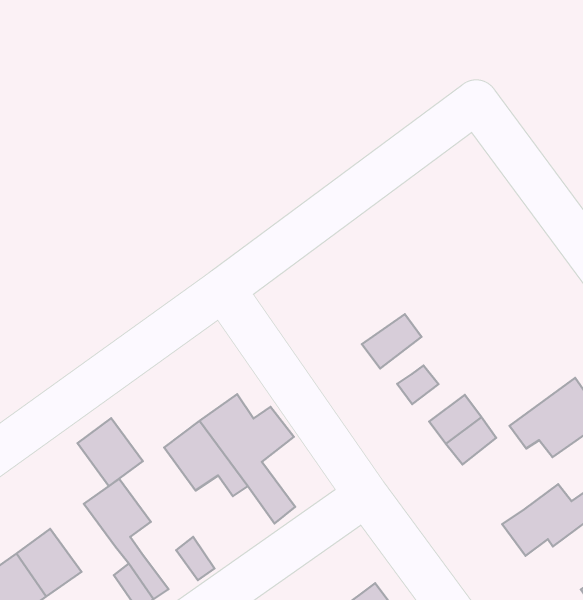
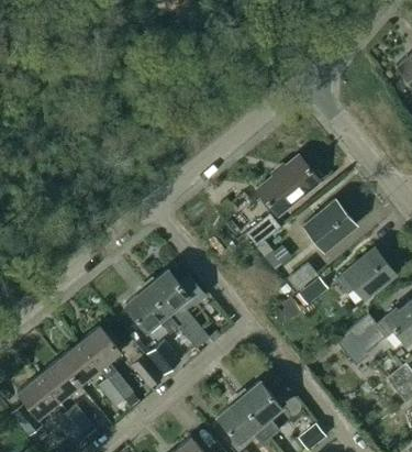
building: none -> [256,156,320,216]
building: none -> [303,200,356,252]
building: [77,418,143,486] -> [58,343,99,385]
building: none -> [147,341,181,375]

